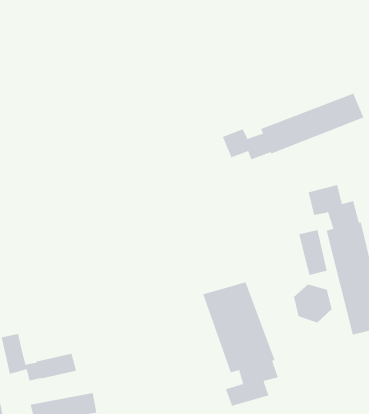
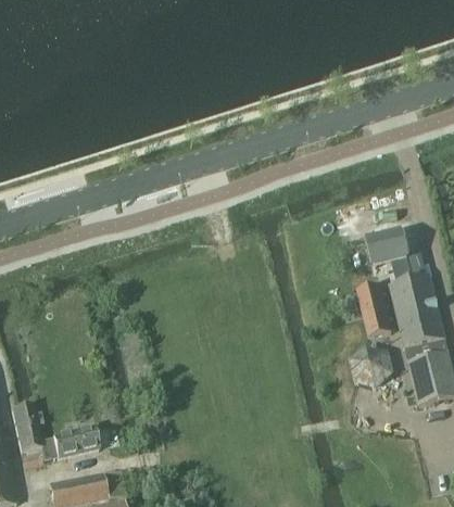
building: [222,93,364,160] -> none
building: [203,281,278,406] -> none

